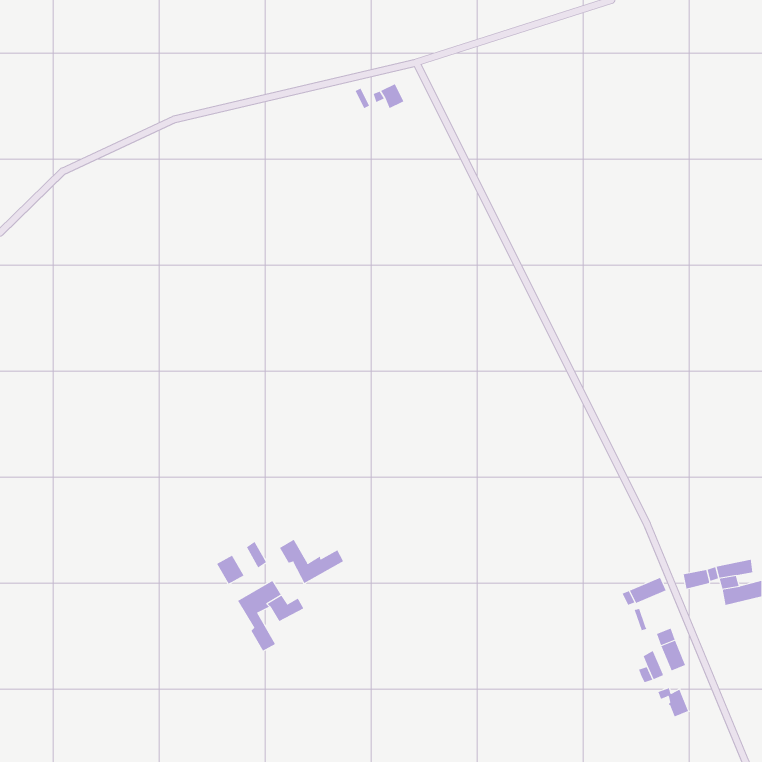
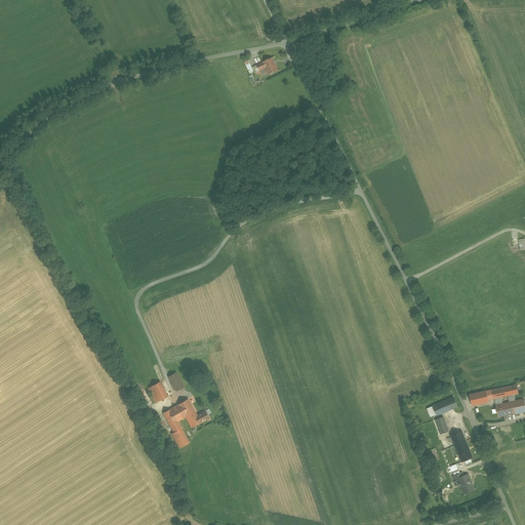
building: [279,539,344,584] -> none

